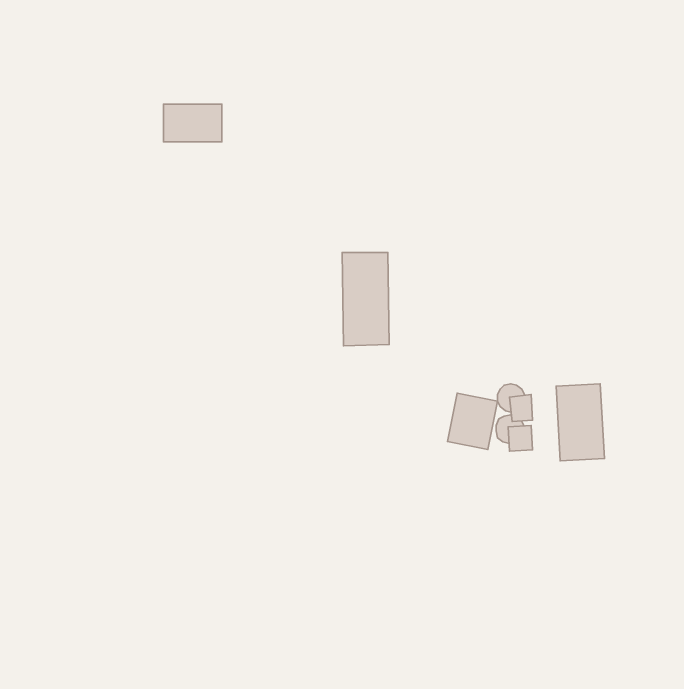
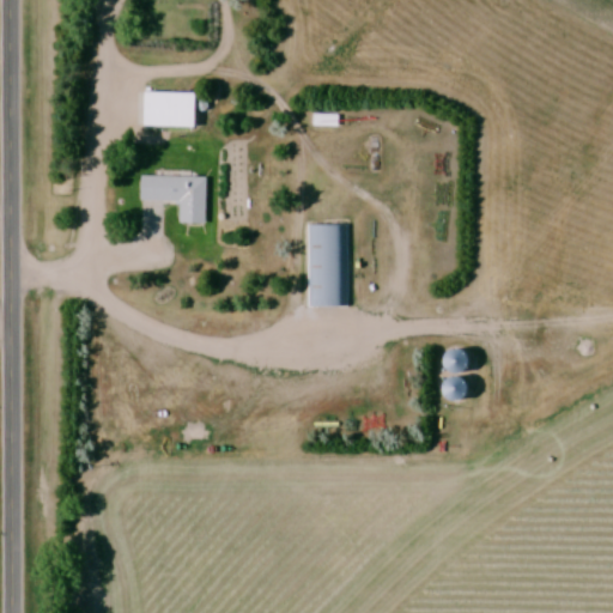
building: none -> [140,175,205,223]
building: [556,384,604,461] -> none
building: [448,393,497,450] -> none

